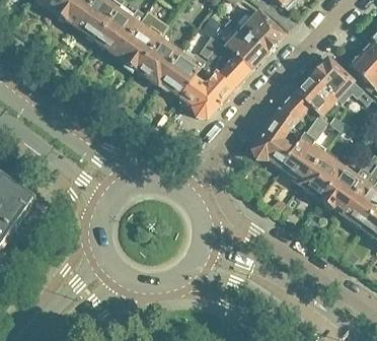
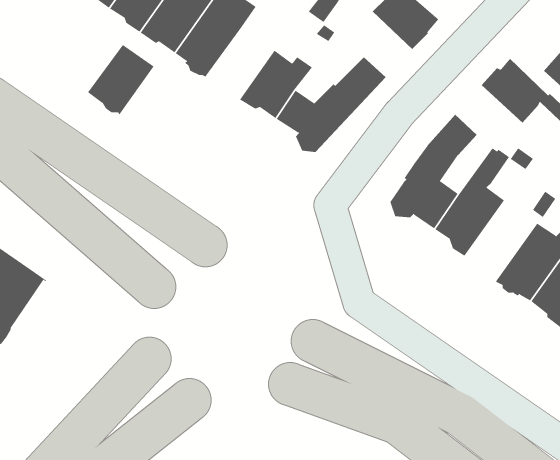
building: [225,28,267,70] -> none
building: [137,39,179,84] -> [87,44,155,116]
building: [294,75,336,117] -> none
building: [300,148,346,198] -> none

